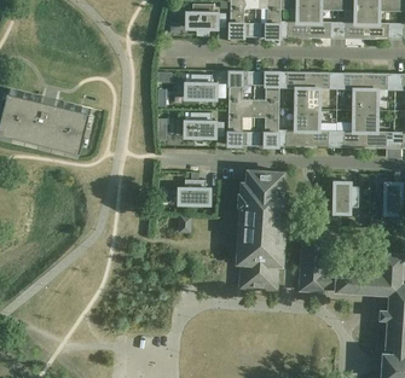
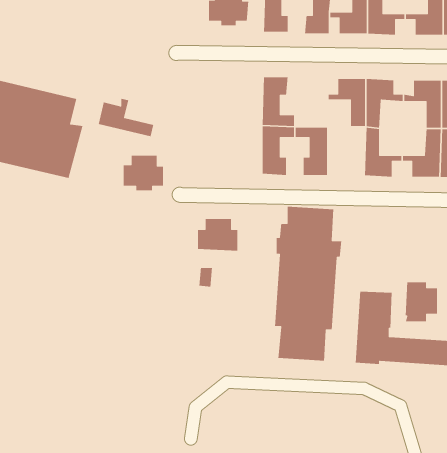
building: [253,72,279,110] -> none
building: [185,75,216,100] -> none
building: none -> [98,98,154,137]
building: [278,110,307,147] -> none
building: [184,114,215,141] -> [123,155,164,191]
building: [332,182,358,214] -> [405,281,438,322]

